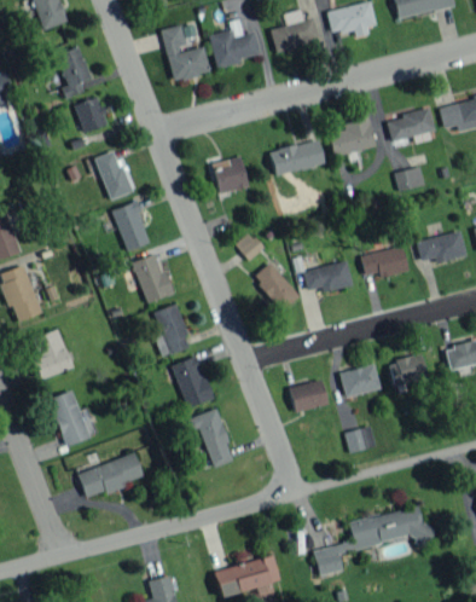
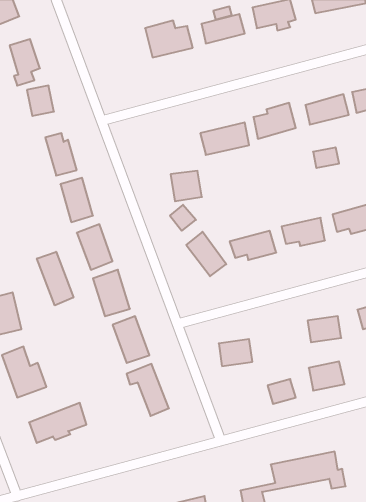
building: [162,24,210,80] -> none
building: [213,158,248,192] -> [171,171,202,201]
building: none -> [37,252,73,305]
building: [341,364,381,396] -> [309,361,345,391]

